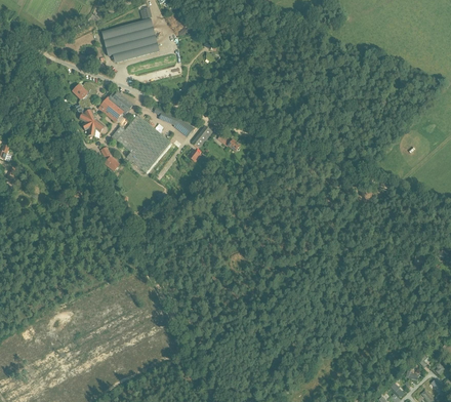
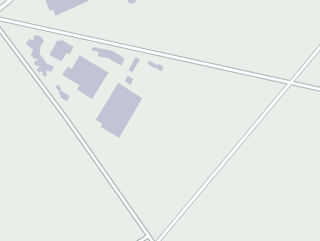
building: none -> [95,82,143,139]

